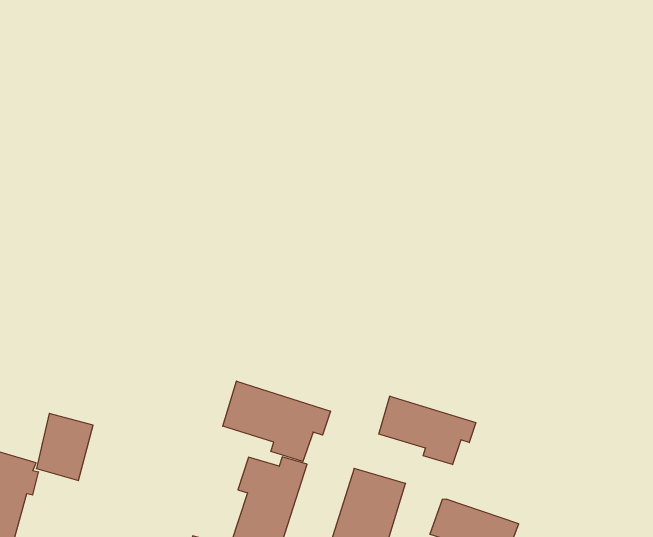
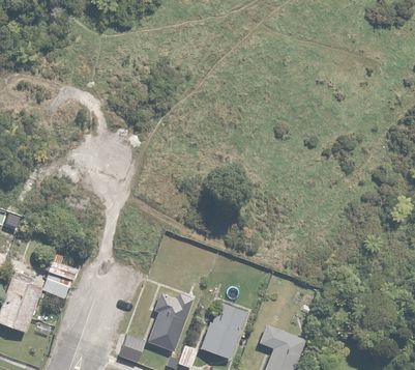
building: [223,381,330,461] -> none
building: [379,396,476,465] -> none

